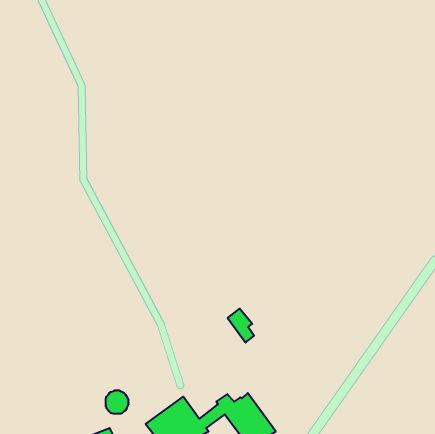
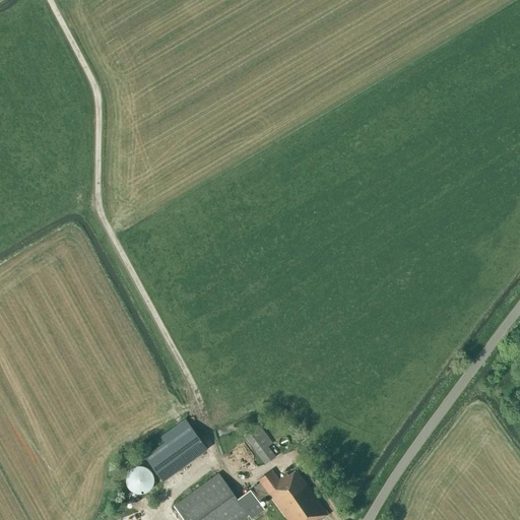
building: [228,309,254,343] -> [244,426,275,466]
building: none -> [145,420,207,482]

